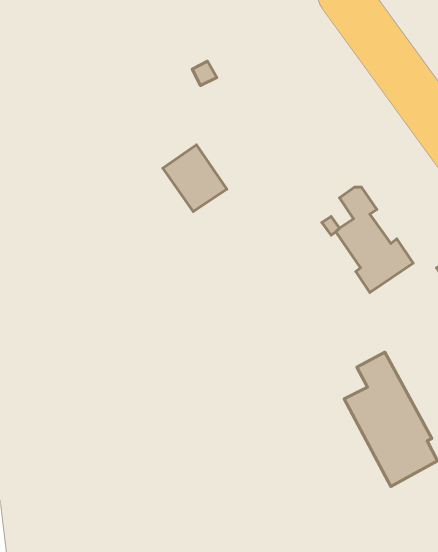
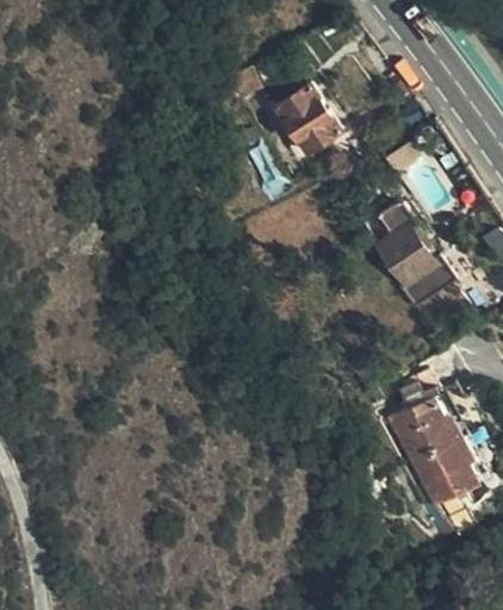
building: [163,145,227,212] -> [274,85,340,152]

